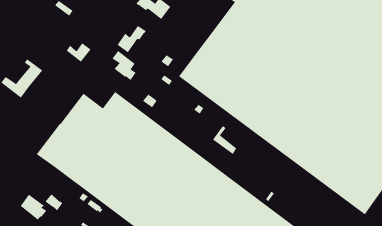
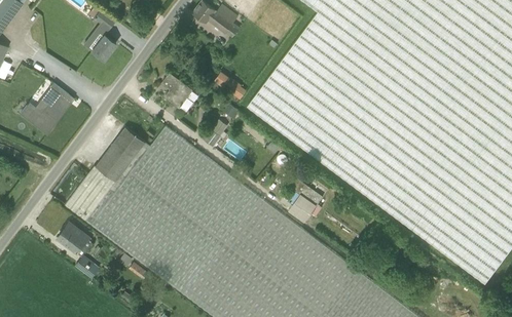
building: [117,25,147,53] -> none
building: [66,42,92,62] -> [83,35,116,61]
building: [20,194,47,220] -> [58,223,93,256]

